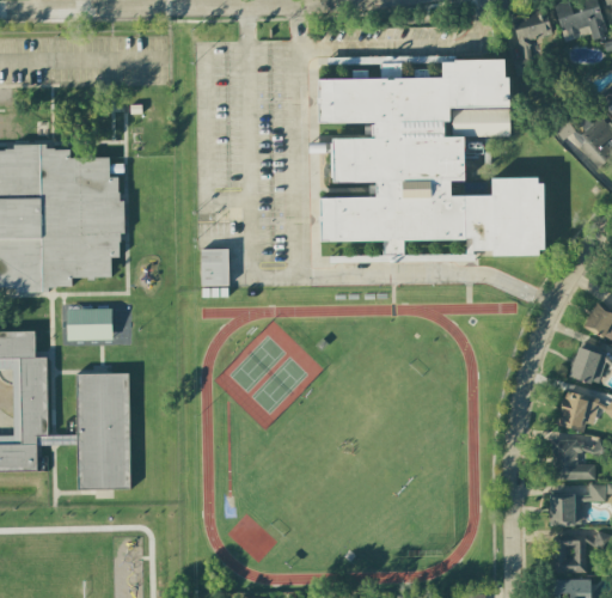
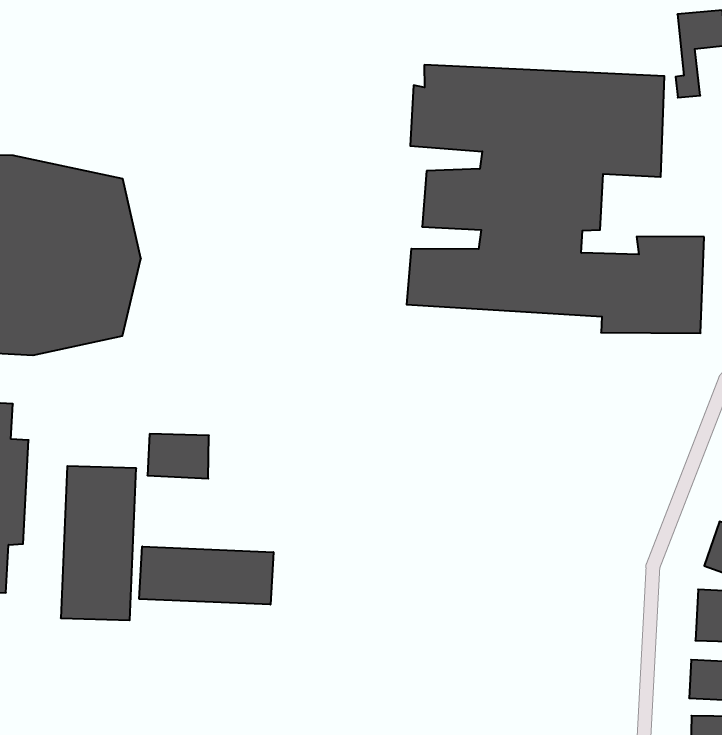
building: [201,249,230,286] -> none
building: [67,307,112,340] -> [147,434,209,479]
building: none -> [139,546,273,605]

